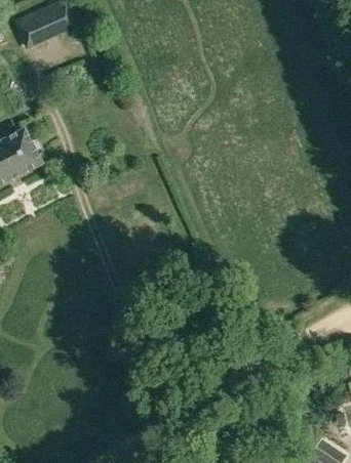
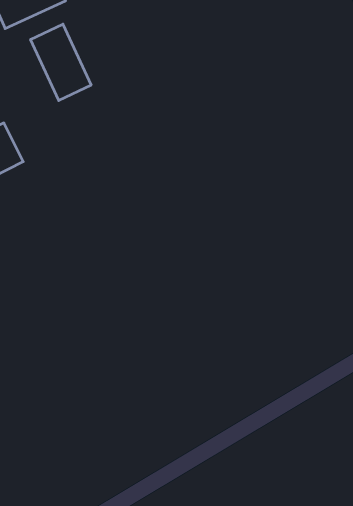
building: none -> [31,24,91,101]

